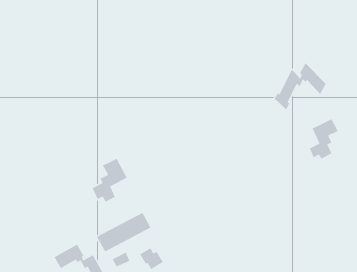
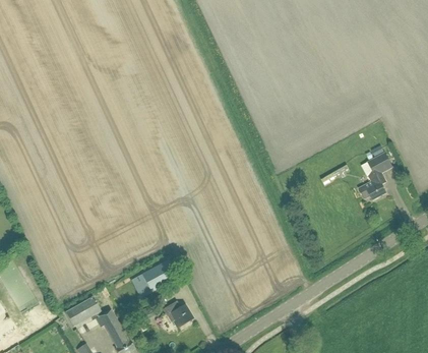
building: [274,62,326,111] -> none
building: [92,158,128,203] -> none

